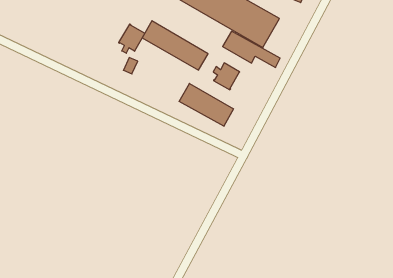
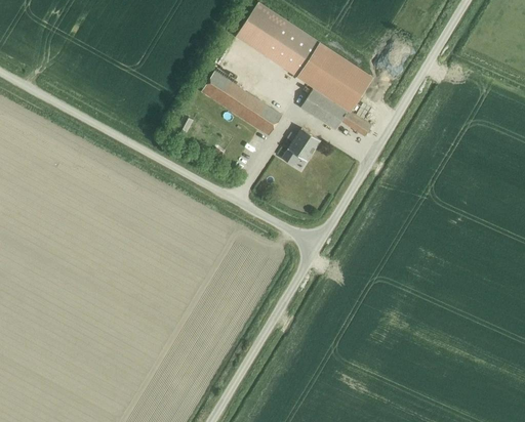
building: [119,24,145,53] -> none
building: [179,83,233,126] -> none

